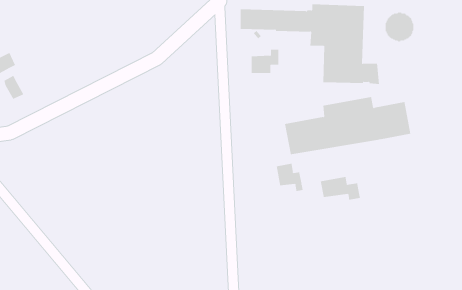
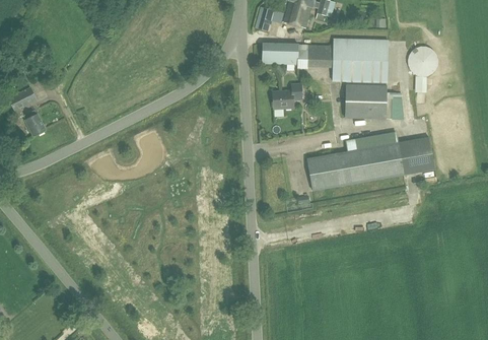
building: [276,163,303,192] -> none
building: [320,176,360,201] -> none

